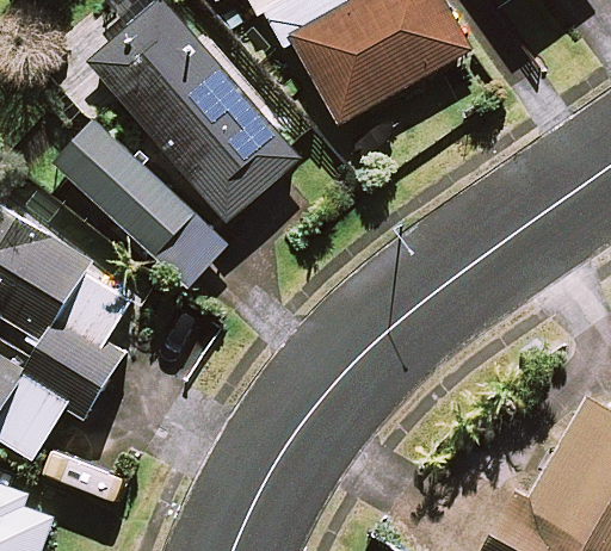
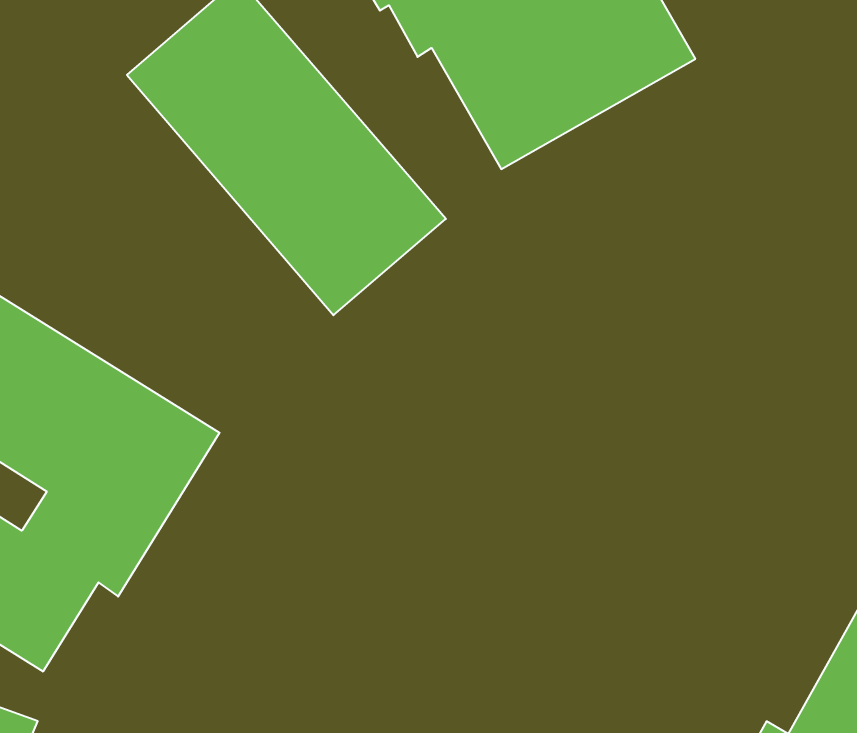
building: [63,130,218,280] -> none

